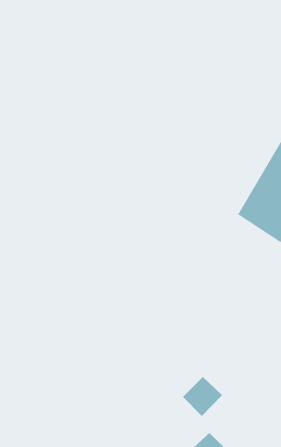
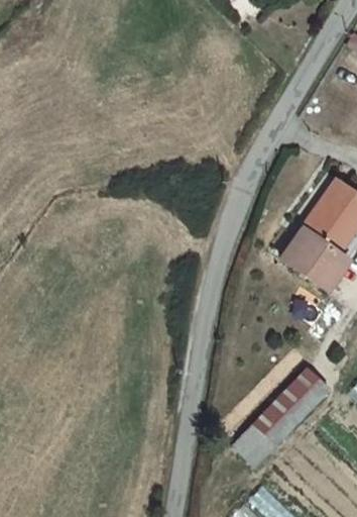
building: none -> [250,372,324,446]

